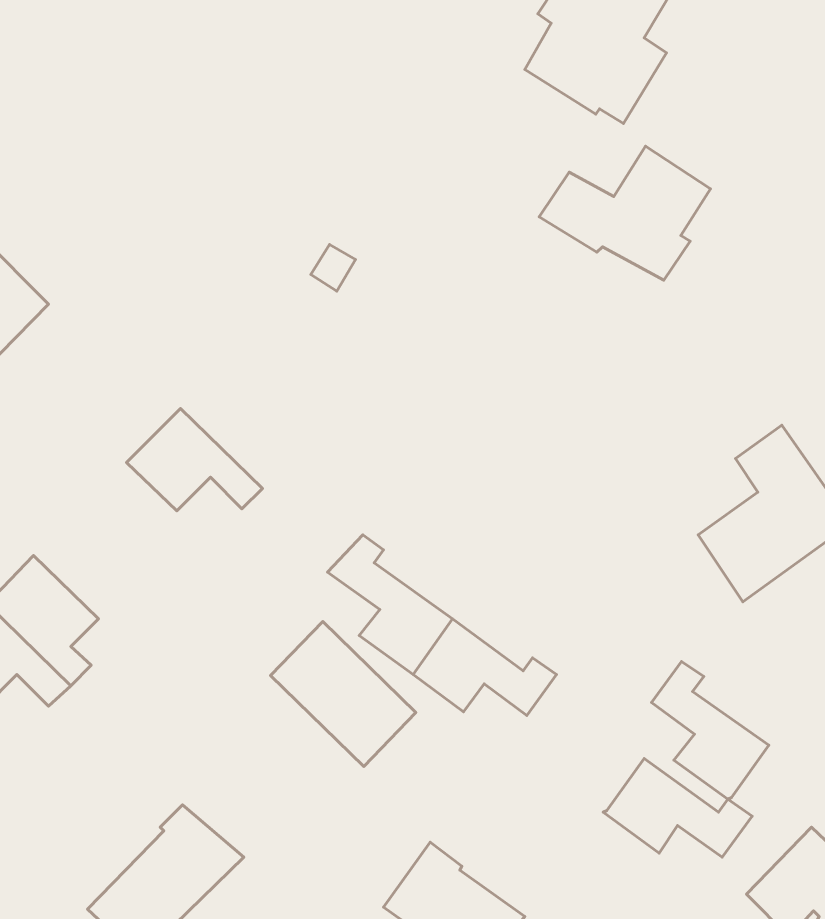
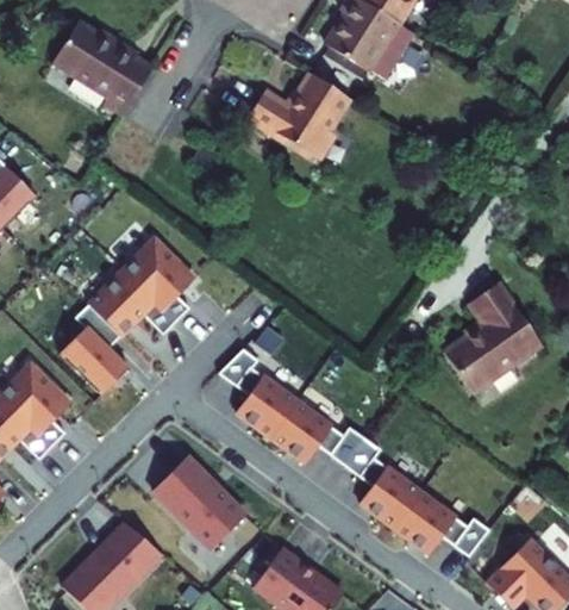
building: none -> [51,20,155,118]
building: [539,146,711,280] -> [249,71,358,157]
building: none -> [120,236,190,318]
building: none -> [57,301,126,392]
building: [271,621,416,767] -> [151,456,244,549]
building: [652,662,769,799] -> [342,437,417,525]

